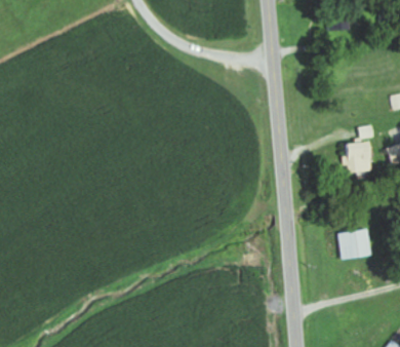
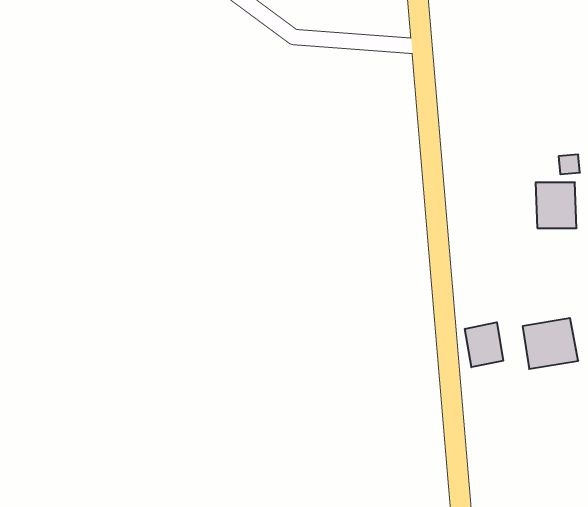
building: none -> [465,322,503,367]

